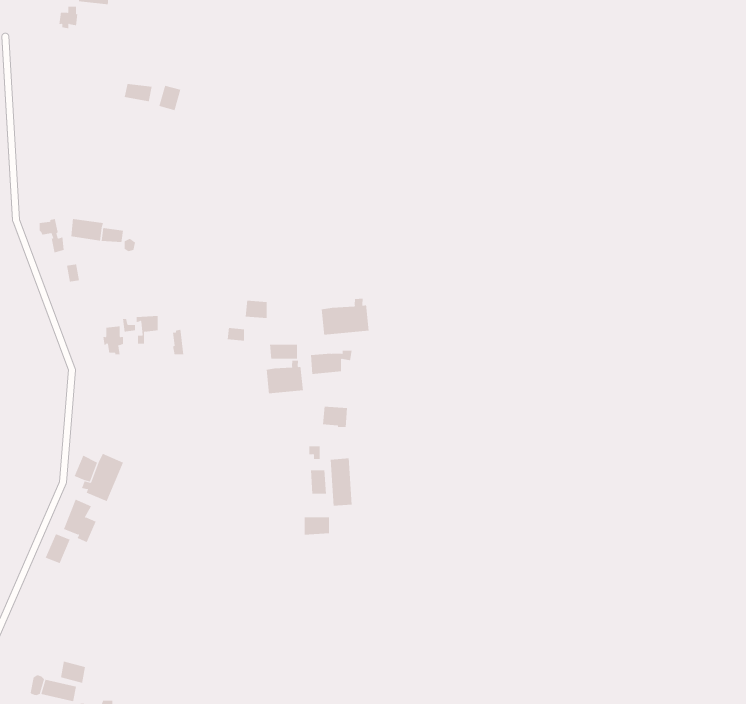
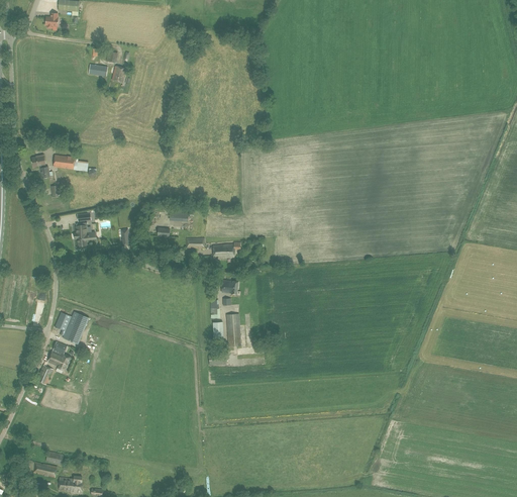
building: [321,298,369,336] -> none
building: [266,360,303,394] -> none

